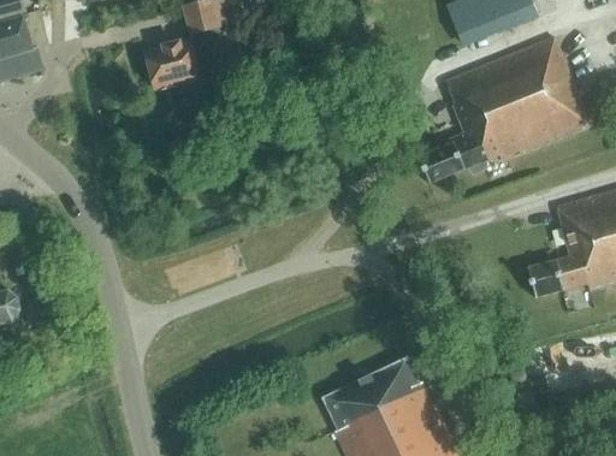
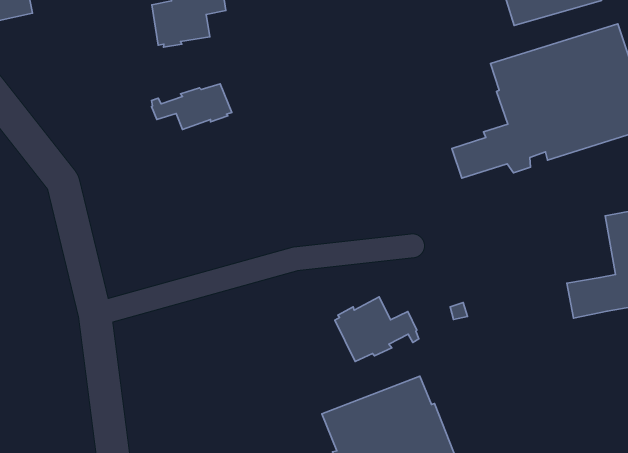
building: none -> [151,84,232,129]
building: none -> [335,297,419,362]

